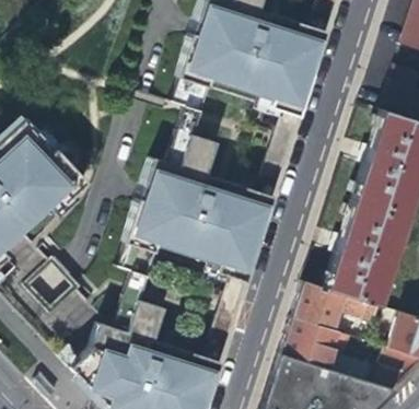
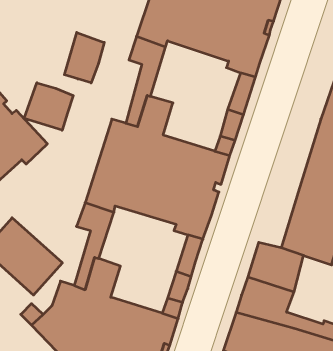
building: none -> [64,32,104,83]
building: none -> [24,83,73,130]

